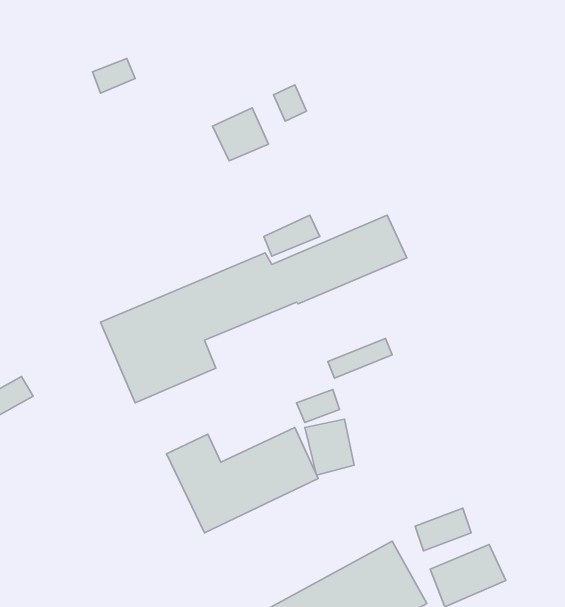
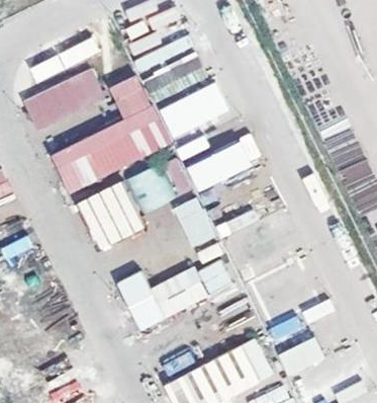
building: none -> [23,70,106,131]
building: none -> [52,75,172,194]
building: none -> [174,195,217,248]

